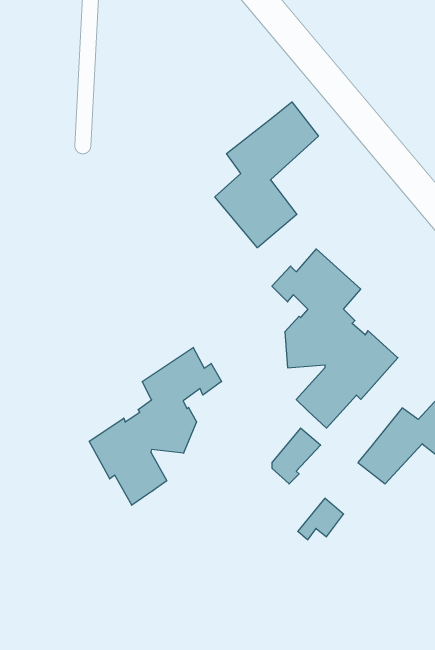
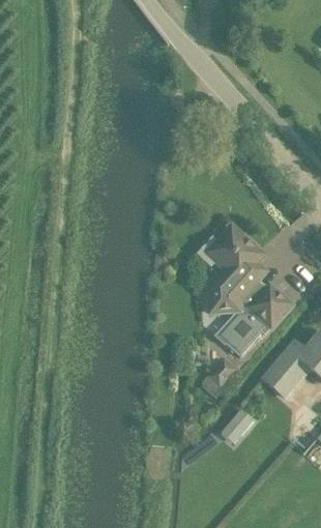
building: [215,102,318,248] -> none
building: [89,347,222,505] -> none

